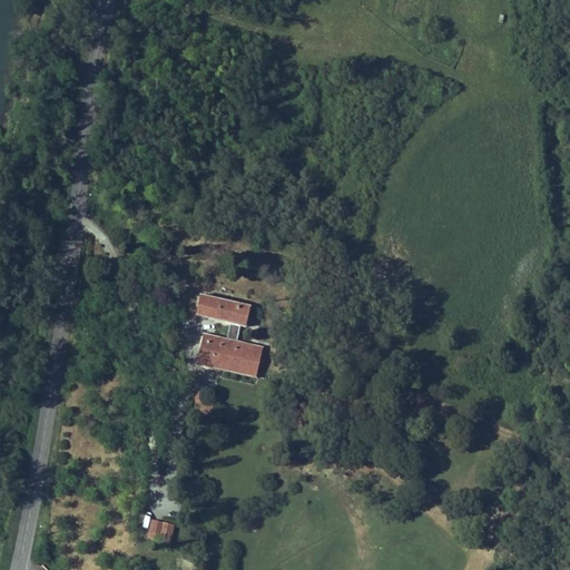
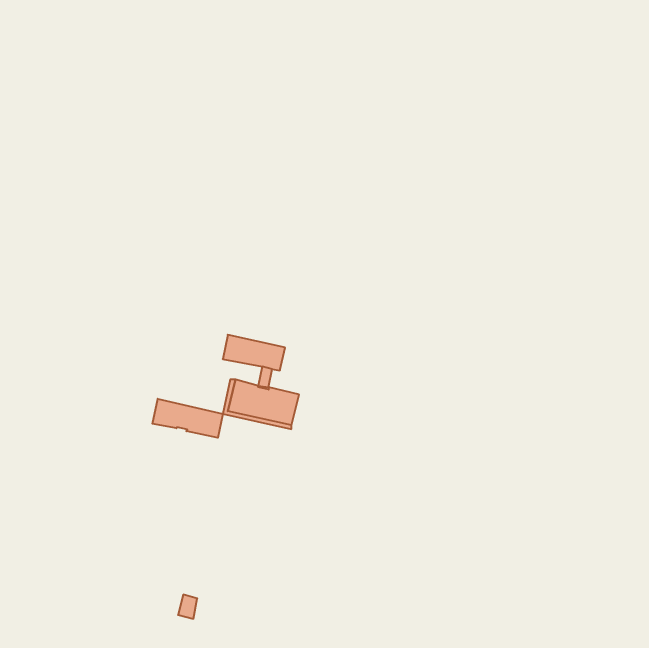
building: none -> [152,399,223,438]

